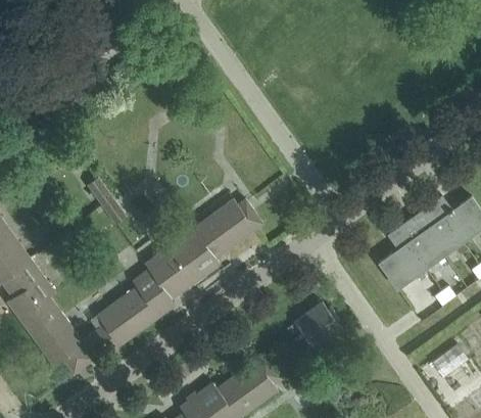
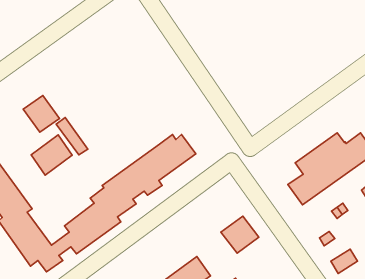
building: none -> [23,95,60,132]
building: none -> [31,135,72,175]

